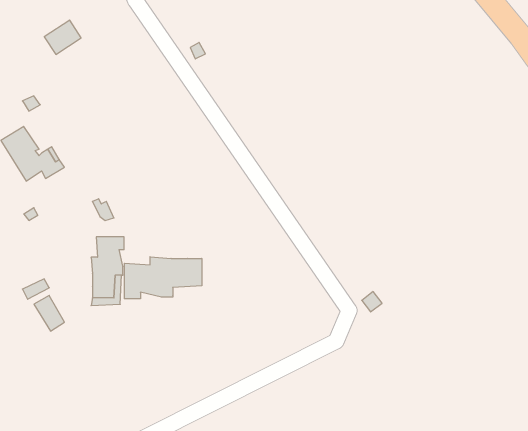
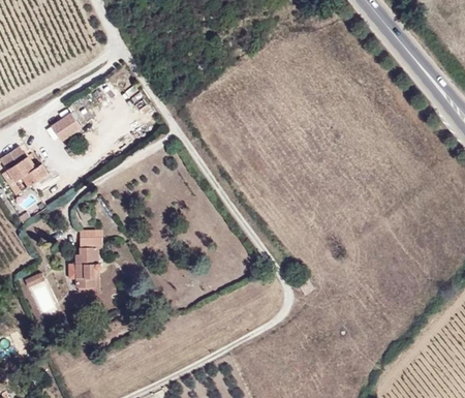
building: [44,20,81,54] -> [53,111,83,139]
building: [124,257,202,299] -> none

